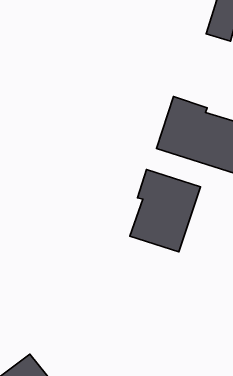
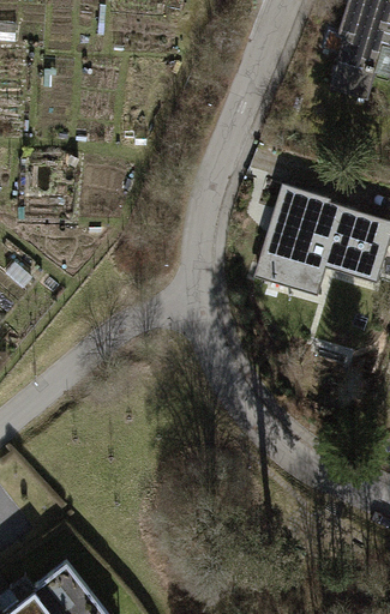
building: [130,170,200,252] -> none

